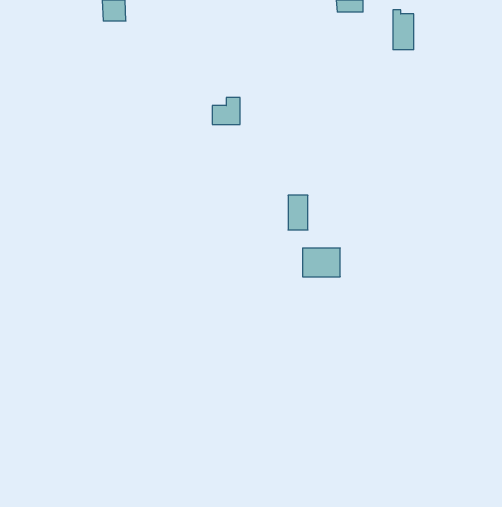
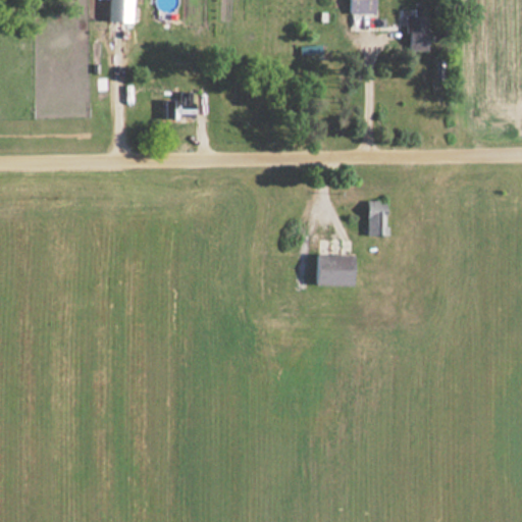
building: [212,98,240,124] -> [167,92,196,119]
building: [288,195,308,230] -> [368,201,388,237]

